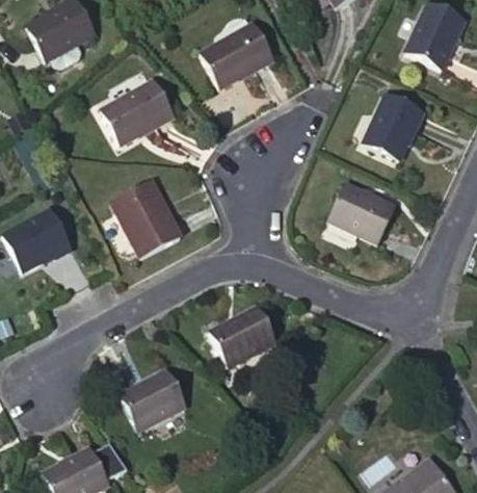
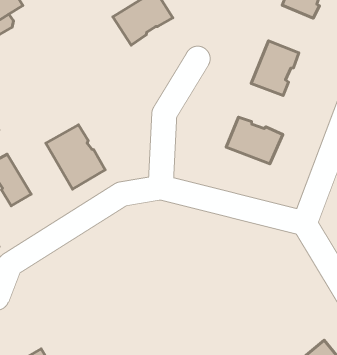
building: [101,79,175,145] -> none
building: [210,306,277,366] -> none
building: [120,369,187,427] -> none

